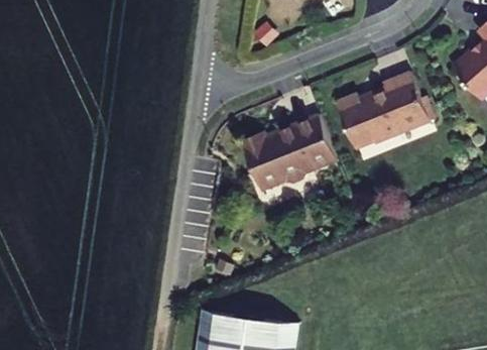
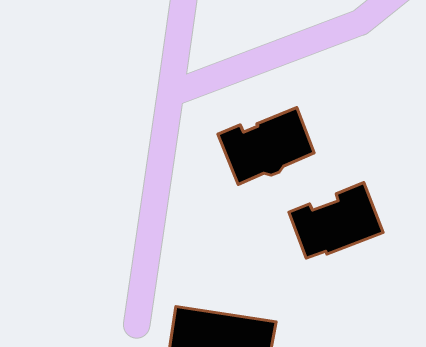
building: [335,72,428,146] -> [289,182,383,258]

